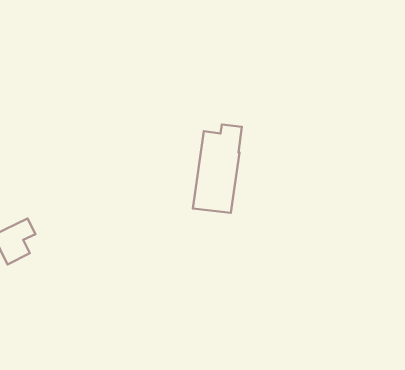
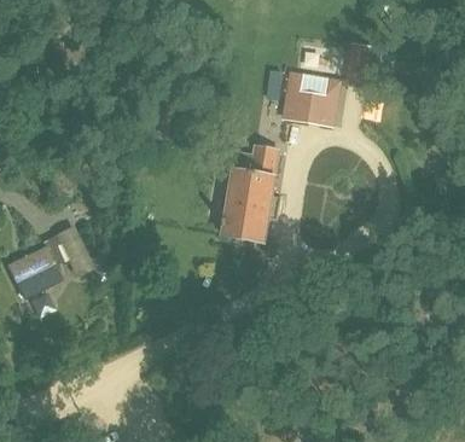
building: none -> [284,74,339,126]

